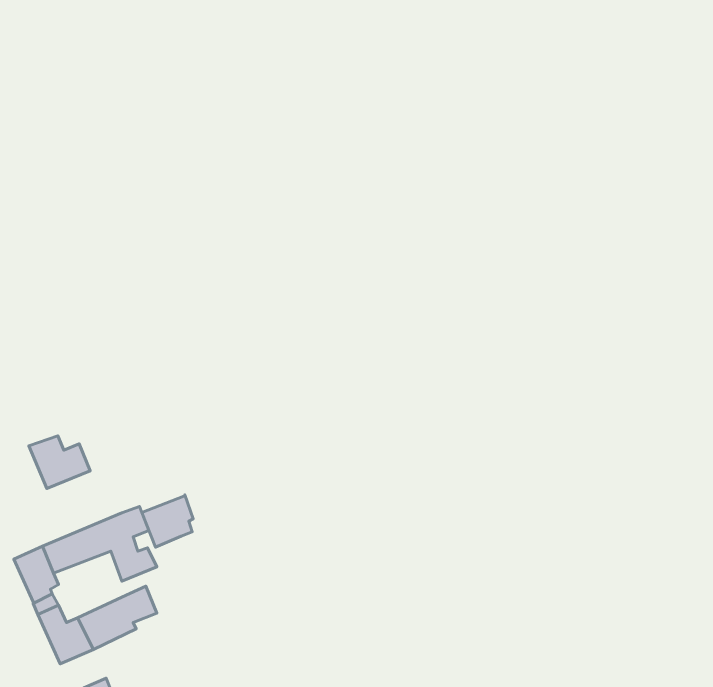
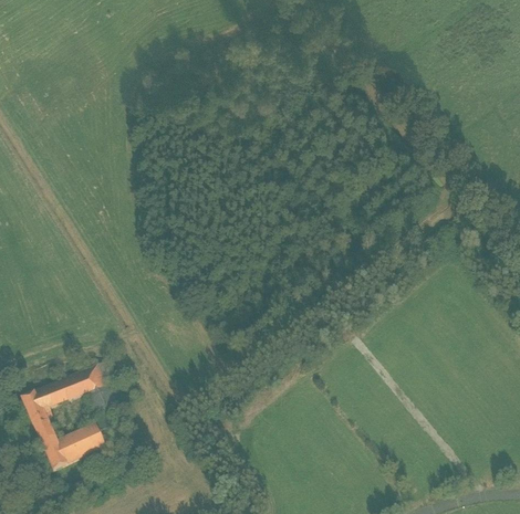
building: [29,436,90,488] -> none
building: [142,495,193,547] -> none

